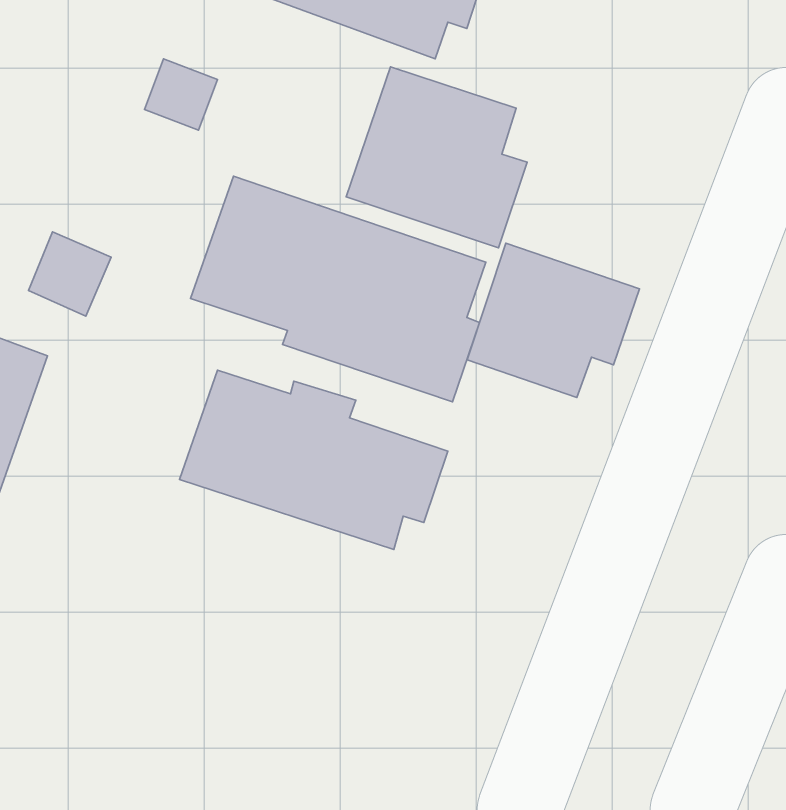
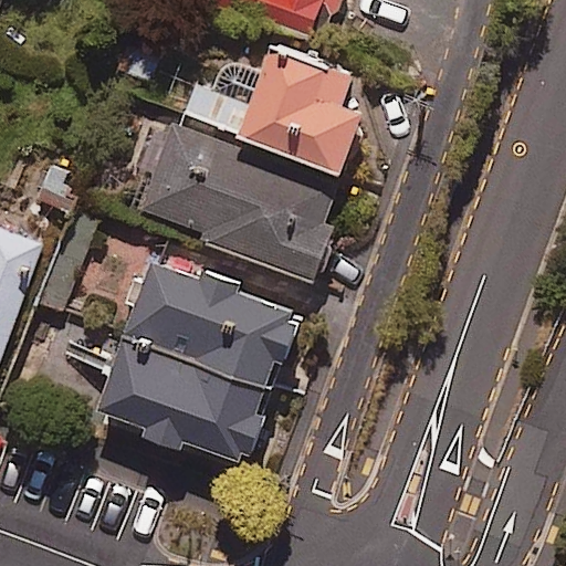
building: [467,243,639,397] -> none
building: none -> [98,334,274,462]

